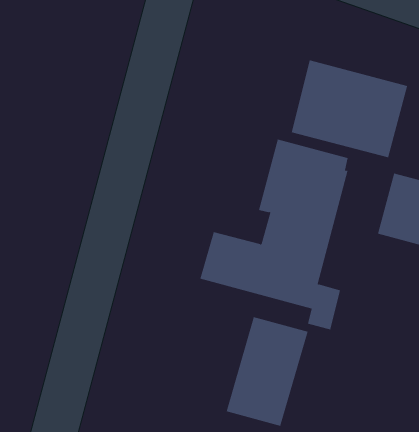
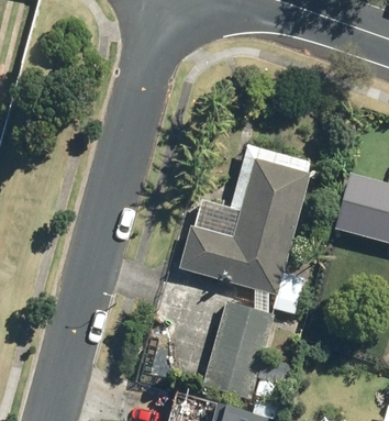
building: [291,59,408,158] -> none

